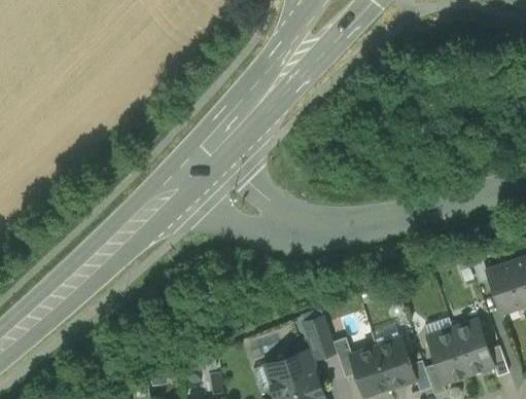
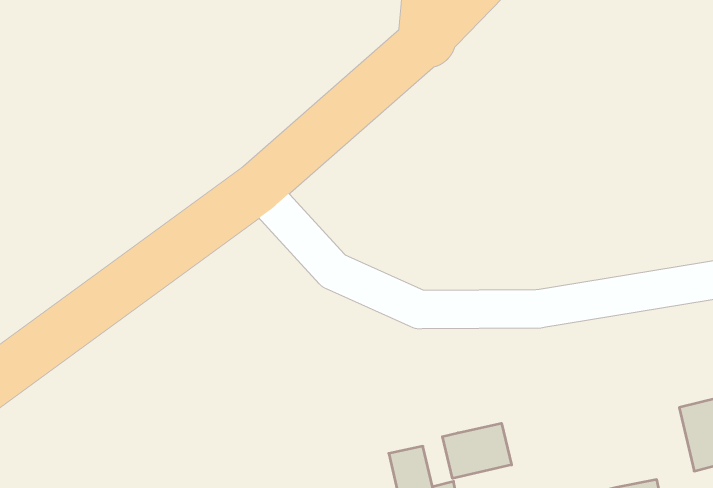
building: none -> [442,423,512,478]

